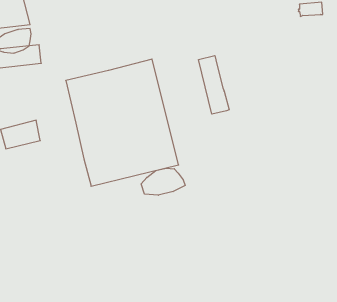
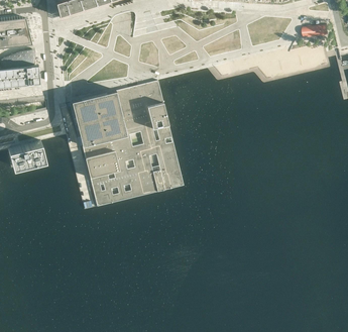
building: [199,56,229,114] -> none
building: [141,168,185,195] -> none

